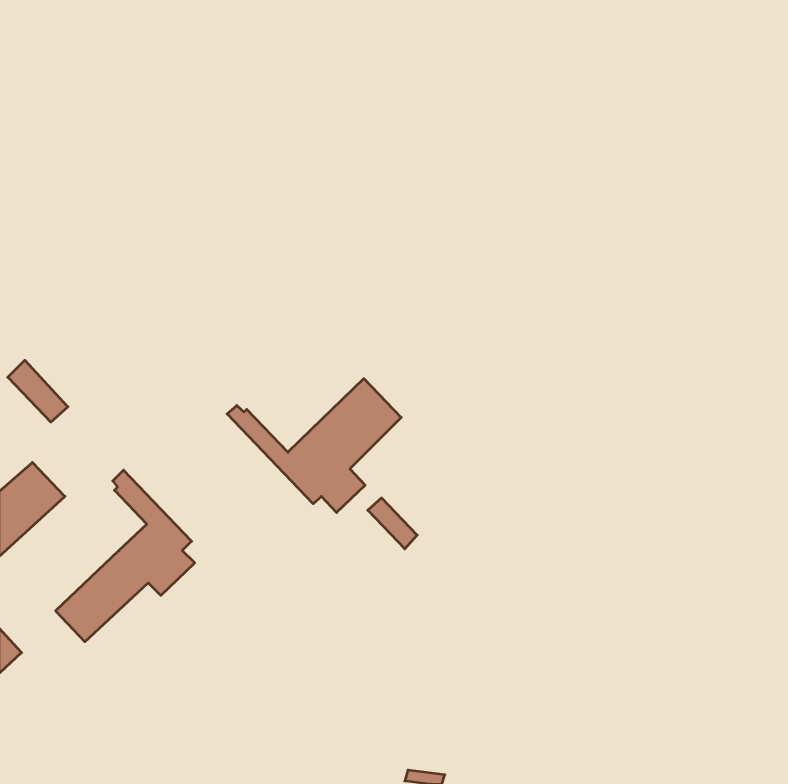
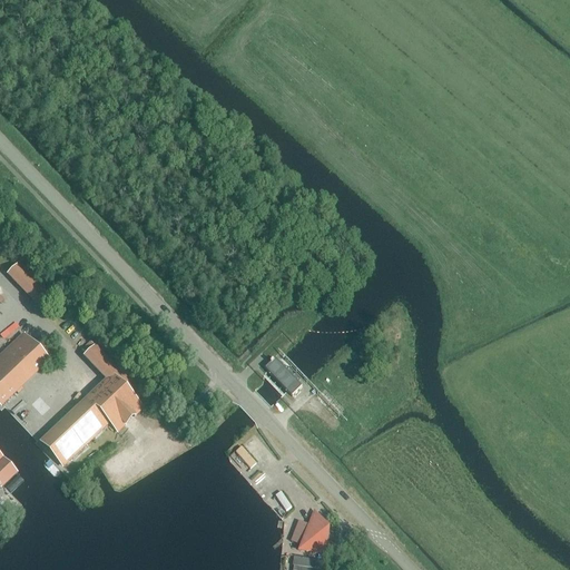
building: [227,379,401,513] -> none
building: none -> [301,514,327,551]

